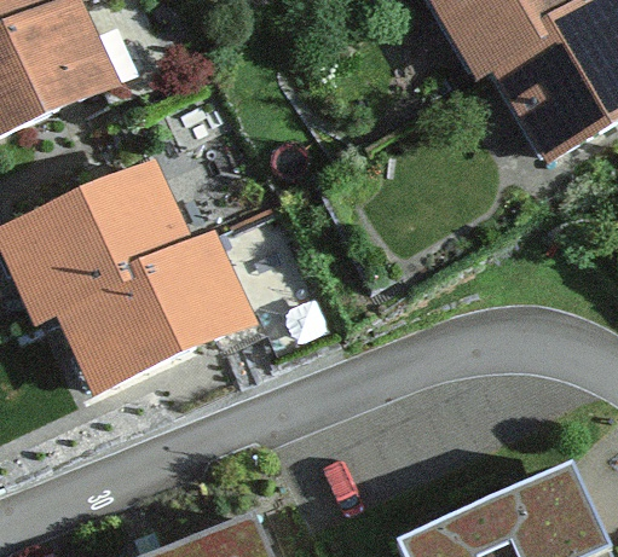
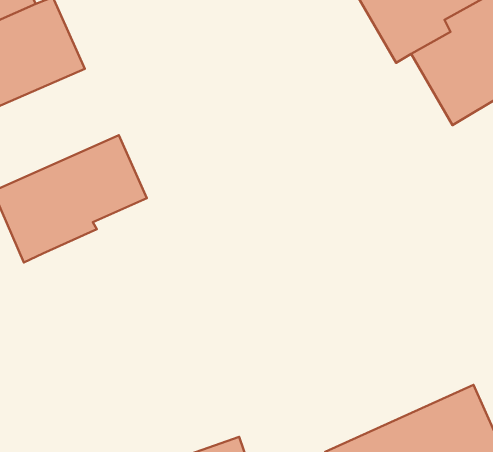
building: [56,232,241,387] -> none

